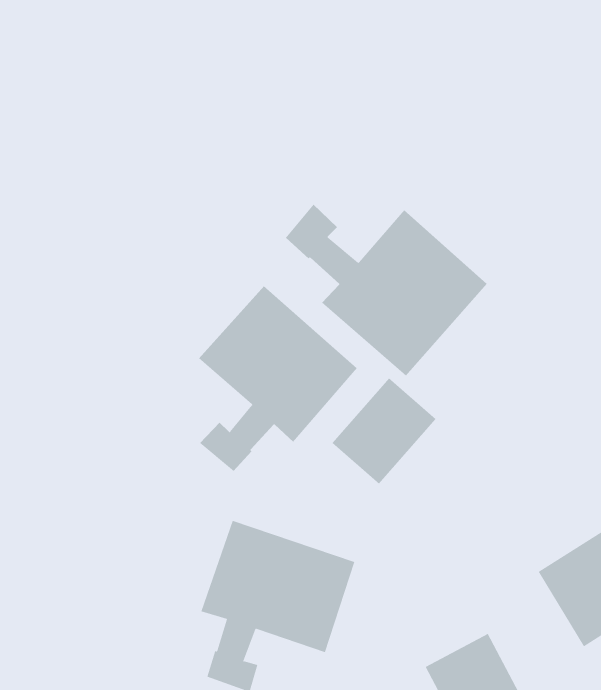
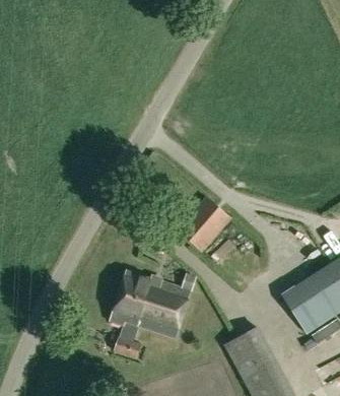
building: [285,204,487,377] -> none
building: [198,286,358,472] -> none

